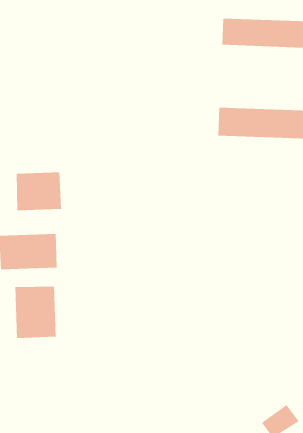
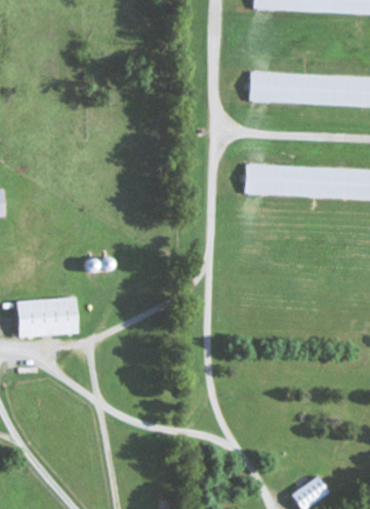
building: [16,172,61,211] -> none
building: [15,286,56,339] -> none

